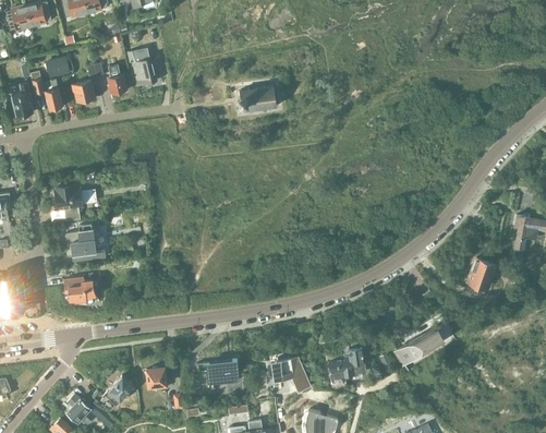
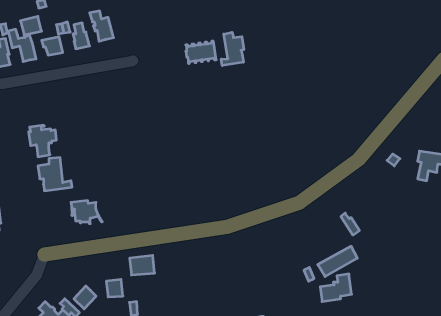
building: none -> [221,32,244,66]
building: [465,255,497,289] -> none
building: [63,277,100,304] -> [71,201,102,224]
building: [328,347,365,380] -> [320,274,352,302]
building: [271,357,311,390] -> none
building: [209,359,239,382] -> [130,255,155,275]

